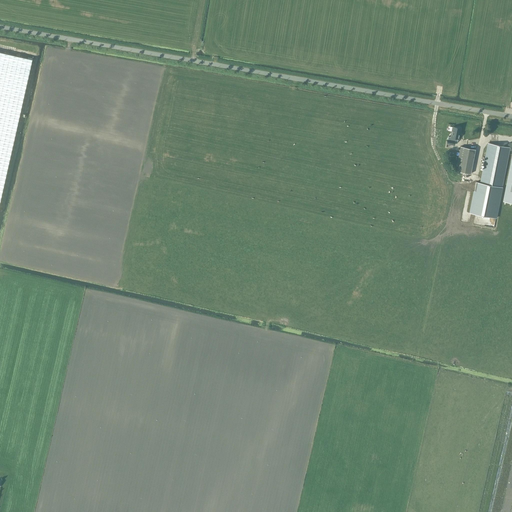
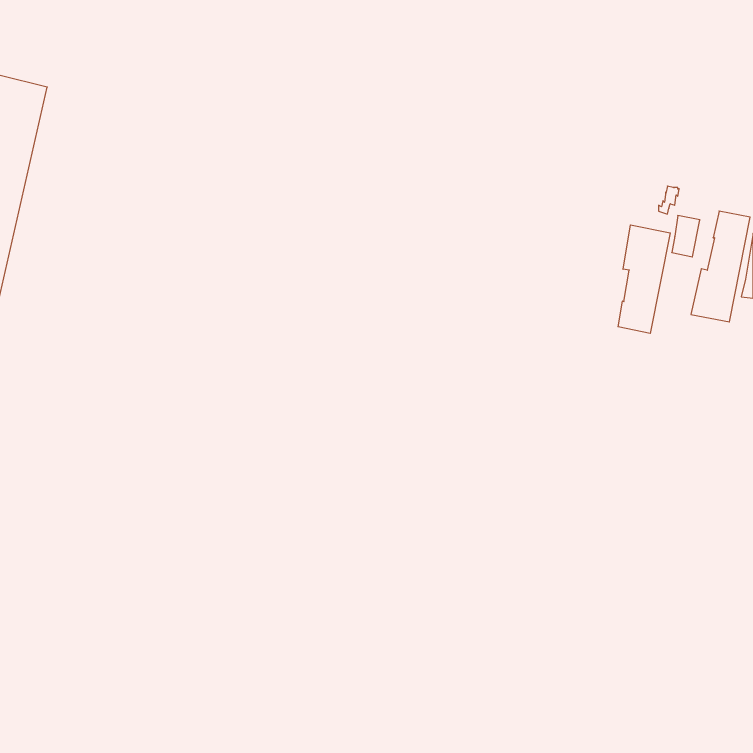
building: none -> [618,225,670,333]

